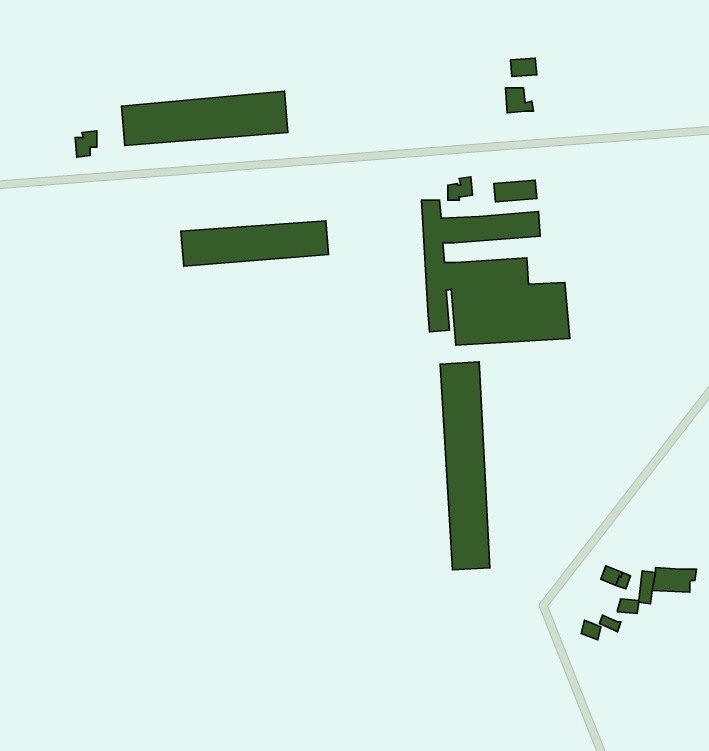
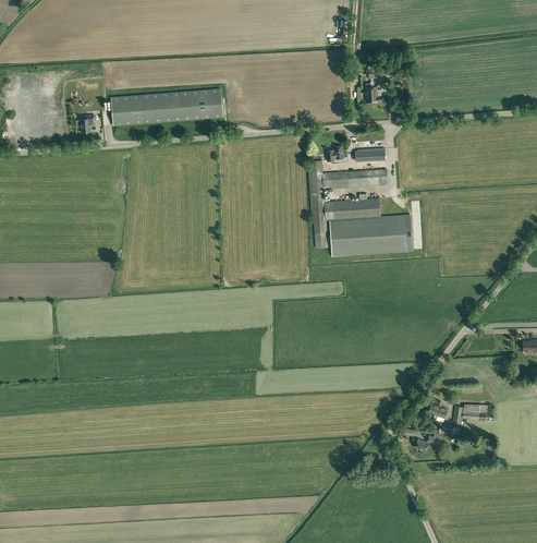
building: [181,221,329,266] -> none
building: [440,362,490,570] -> none

